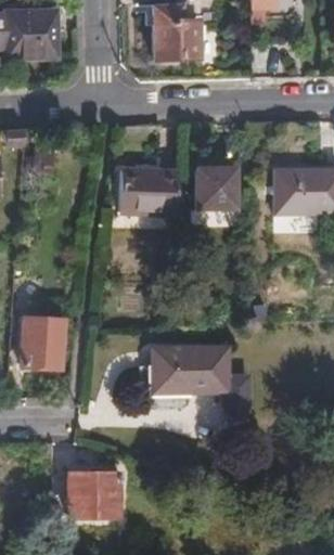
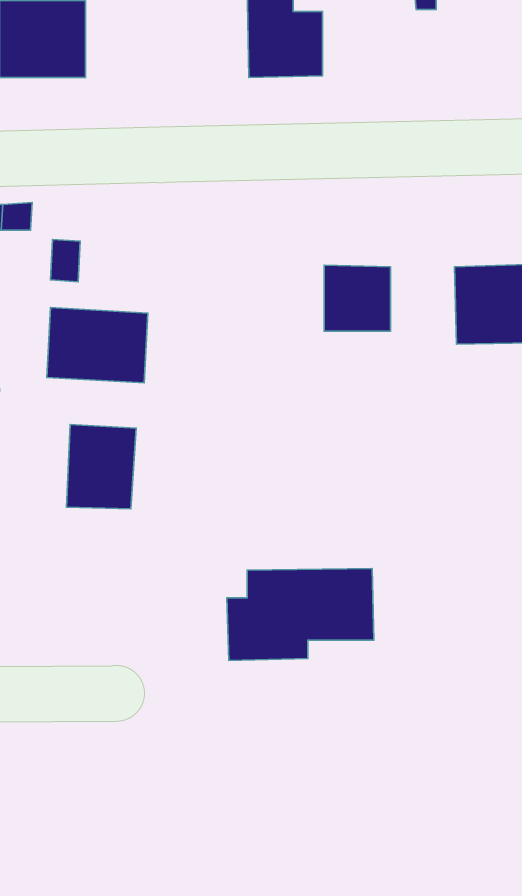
building: [119,168,179,212] -> [47,308,148,383]
building: [24,317,65,366] -> [66,424,136,509]
building: [68,473,116,516] -> none

